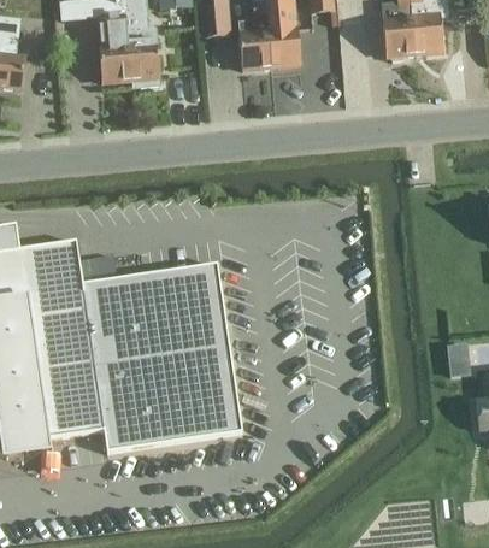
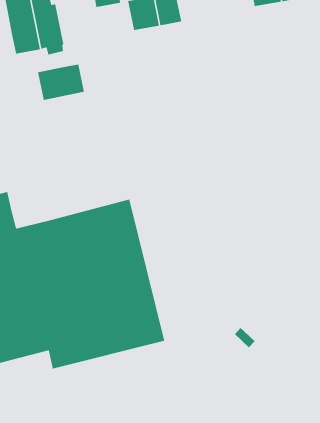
building: none -> [37,63,85,101]

